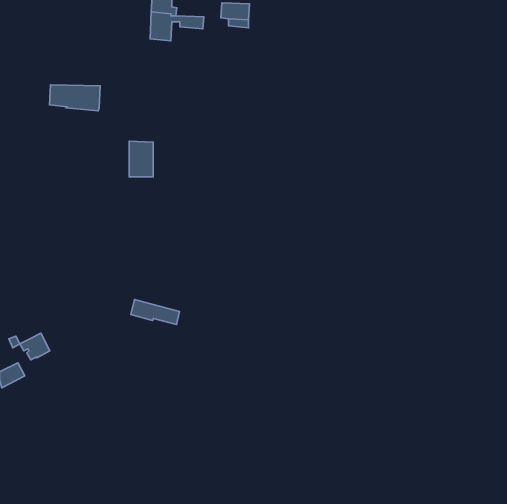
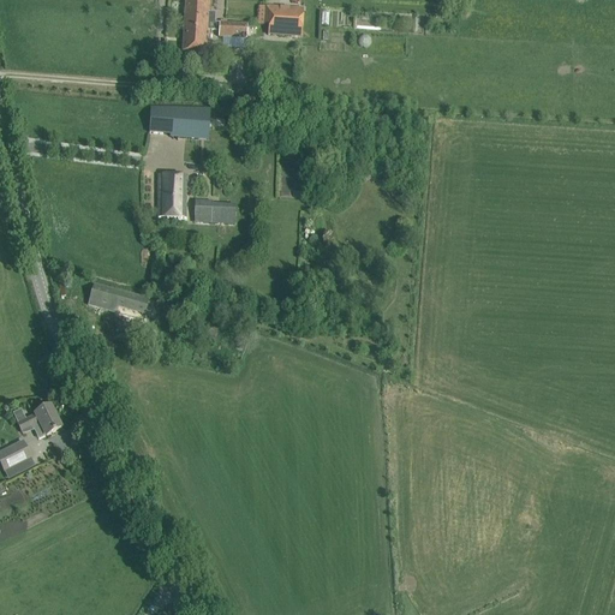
building: [49,85,100,111] -> [148,105,209,136]
building: none -> [193,197,226,220]
building: [131,299,179,324] -> [88,282,147,312]

